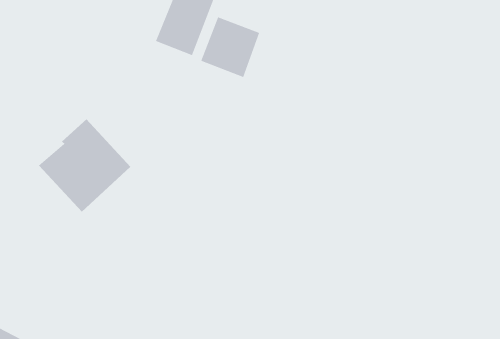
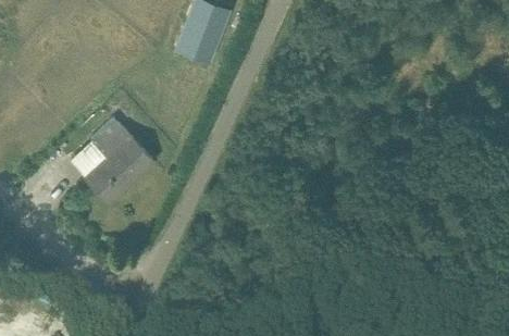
building: [200,17,260,78] -> none

